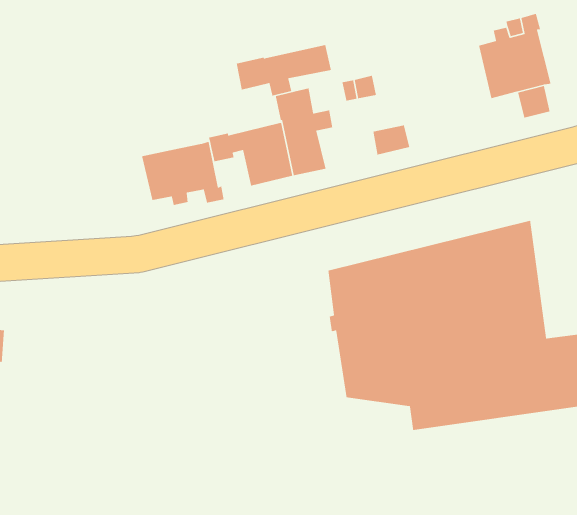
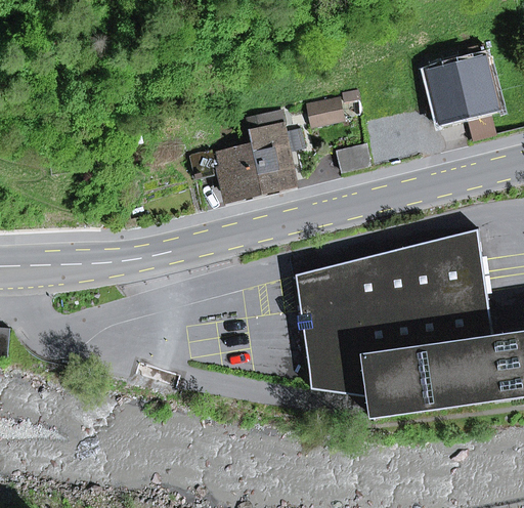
building: [236,44,332,96] -> none
building: [141,141,225,206] -> none

